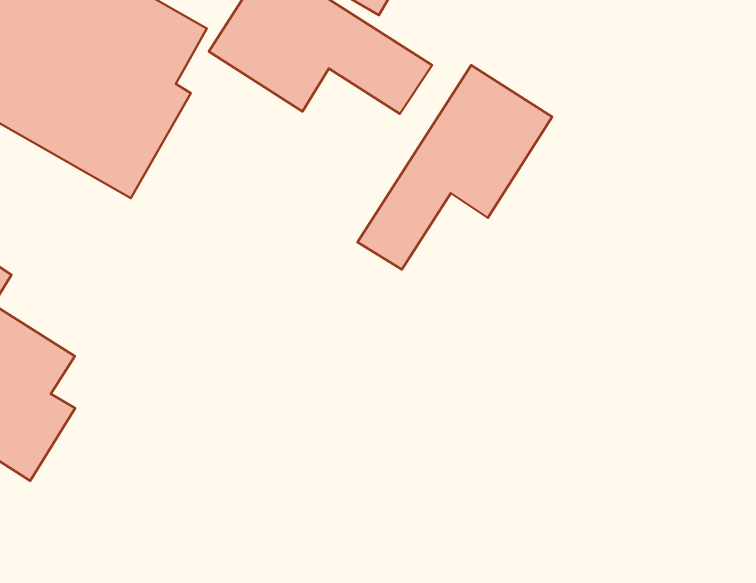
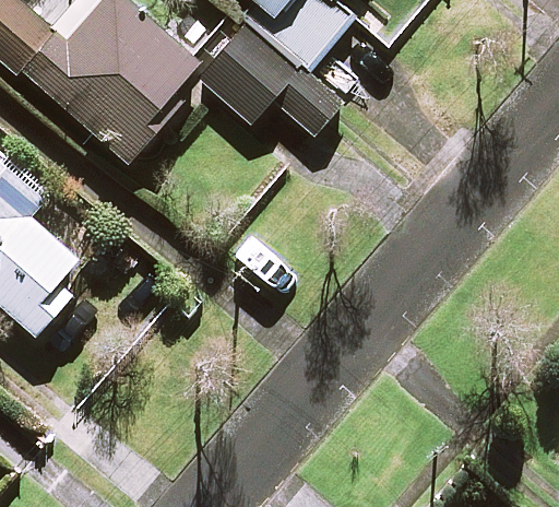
building: [358,65,552,269] -> none

